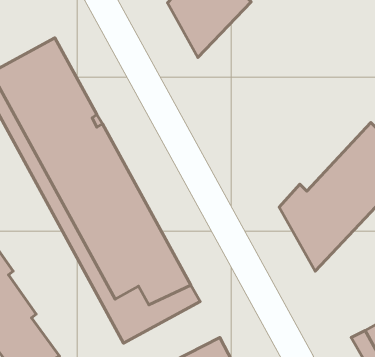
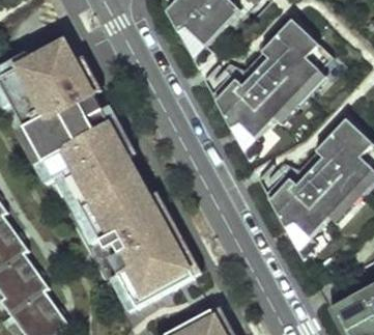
building: none -> [210,19,332,150]

